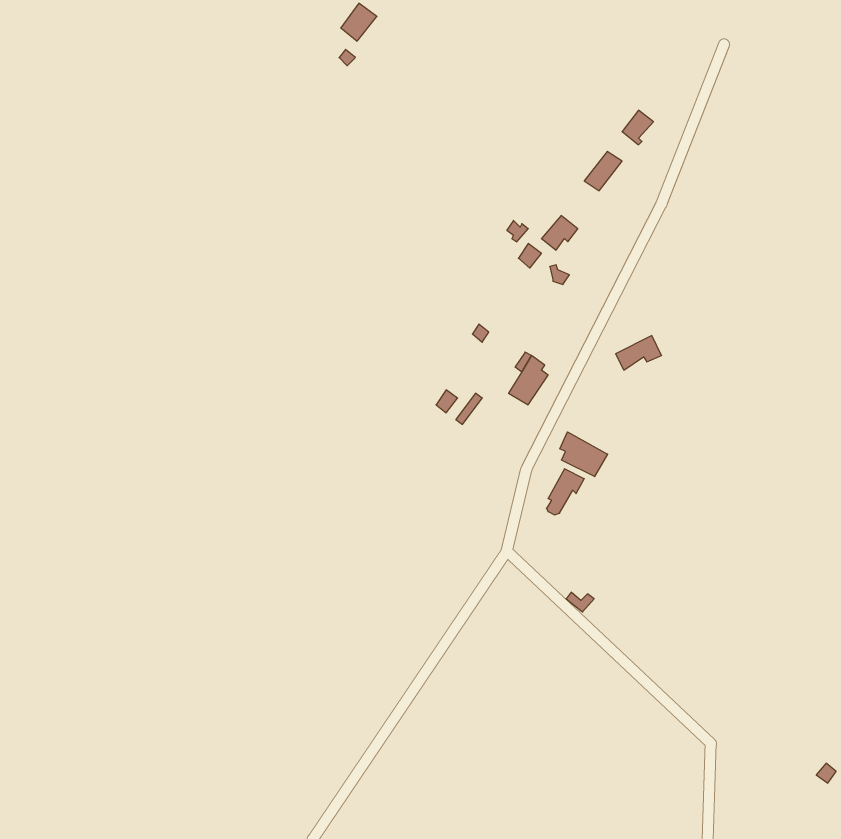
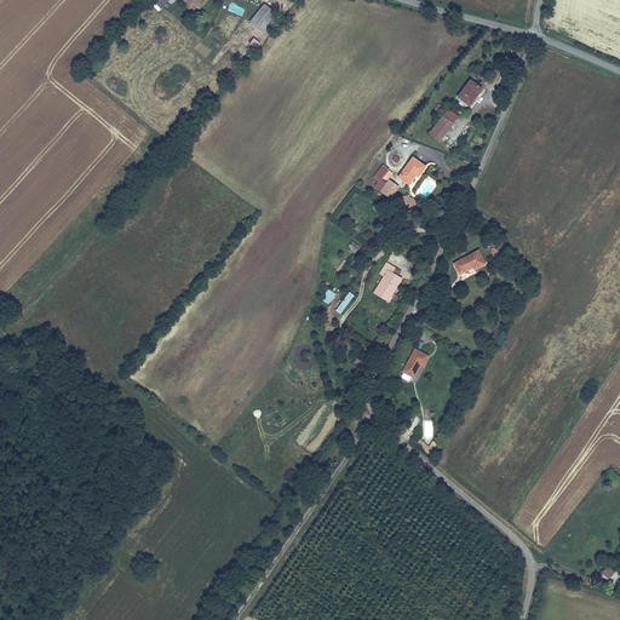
building: [560,432,608,477] -> none

